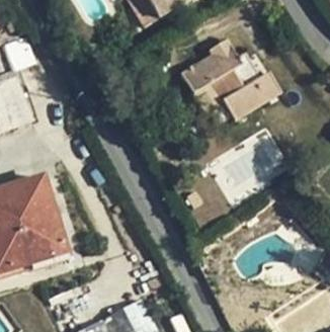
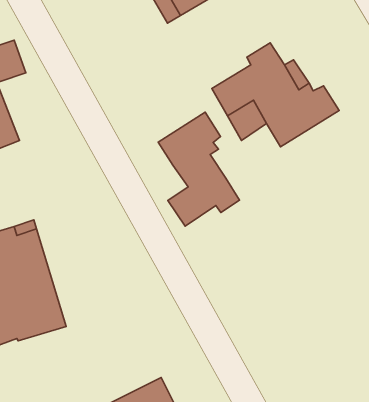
building: none -> [158,112,240,226]

